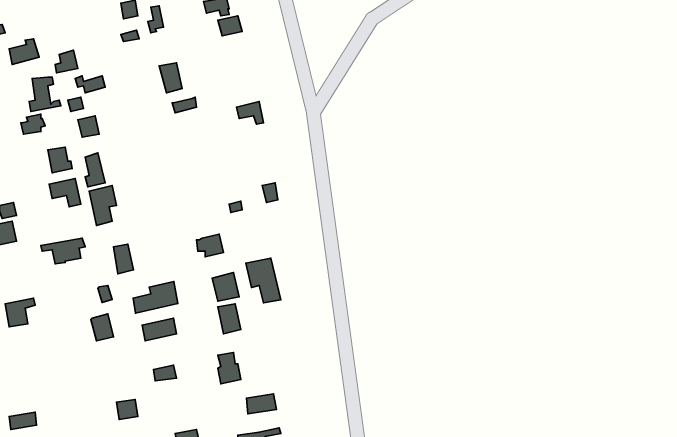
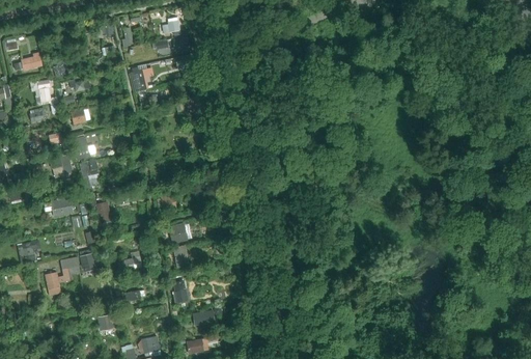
building: [246,258,281,303] -> none
building: [133,282,178,313] -> none
building: none -> [45,257,80,296]

